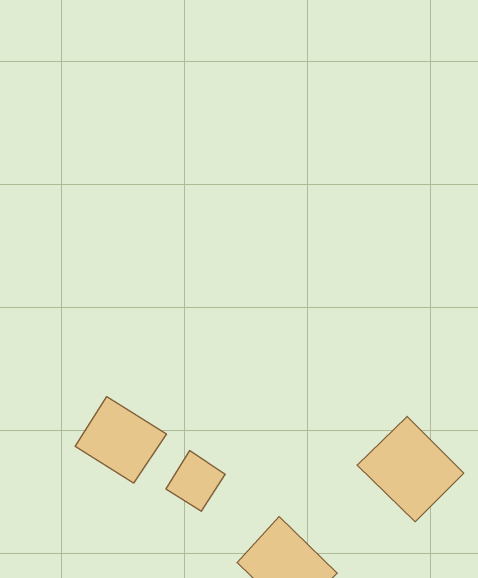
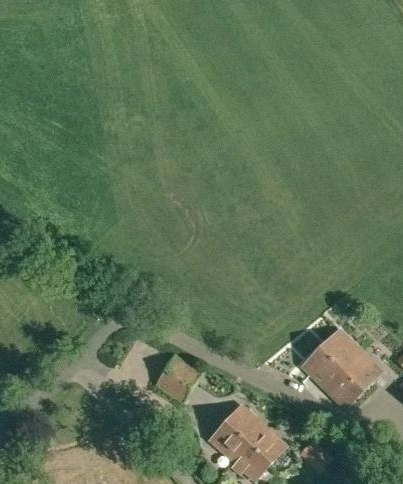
building: [75,397,166,483] -> none

